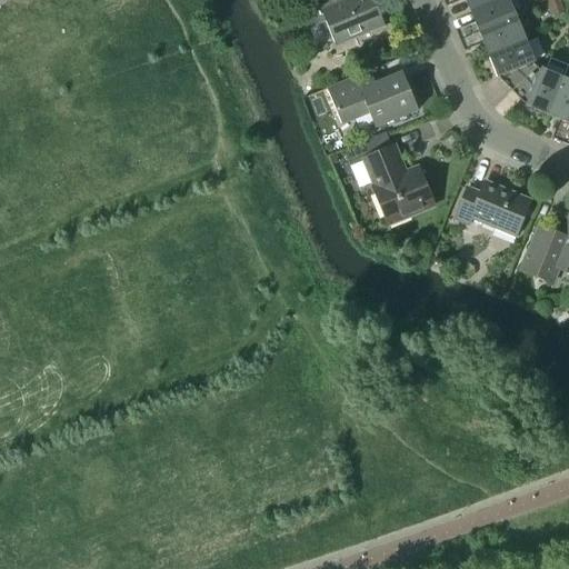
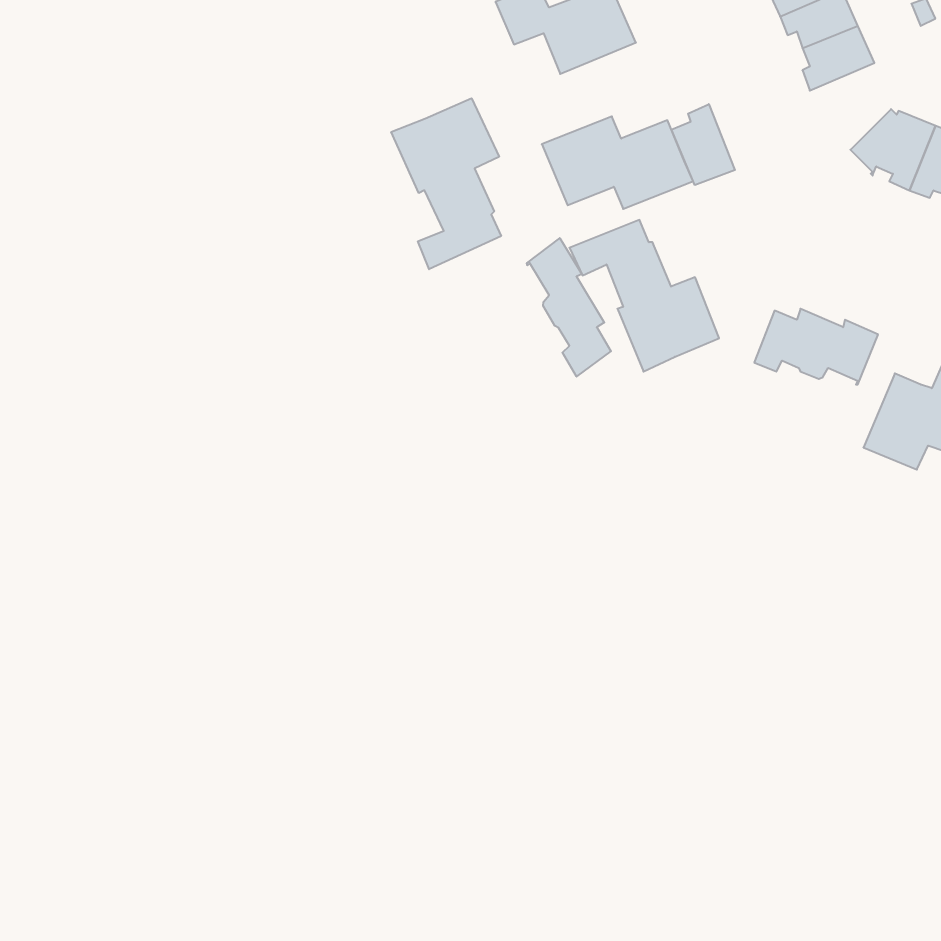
building: [489,38,538,90] -> none
building: none -> [391,98,501,269]
building: none -> [671,104,735,185]
building: none -> [527,238,611,377]

